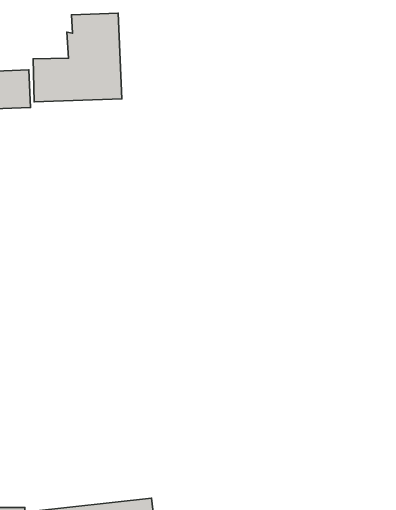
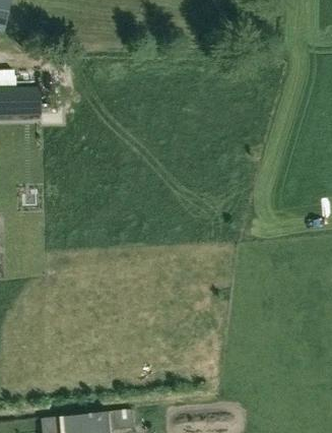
building: [33,13,122,102] -> none

